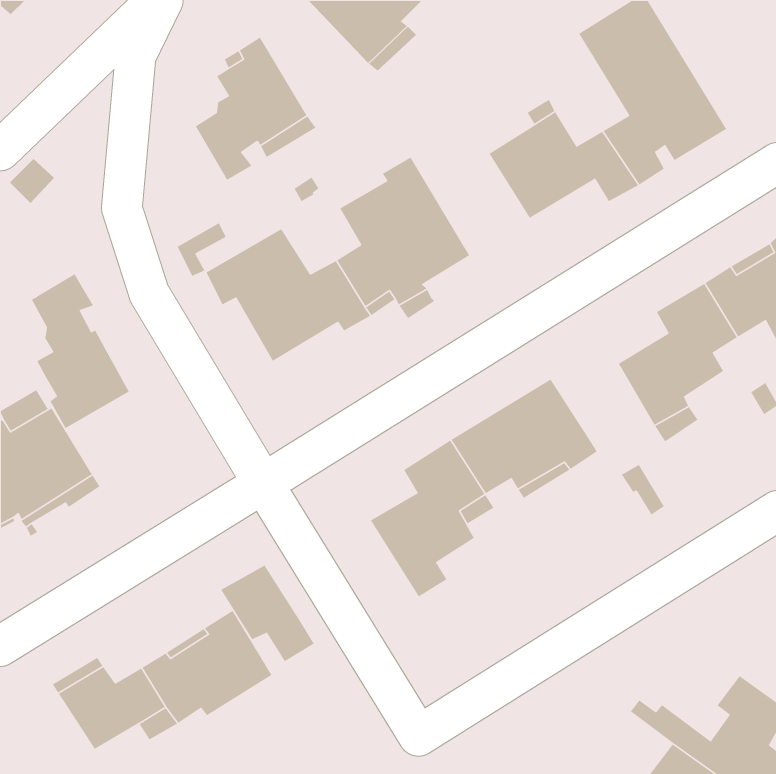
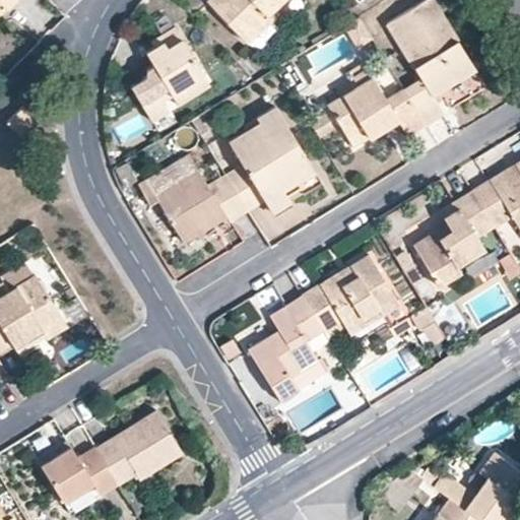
building: [31,273,130,429] -> none
building: [220,564,315,662] -> none

